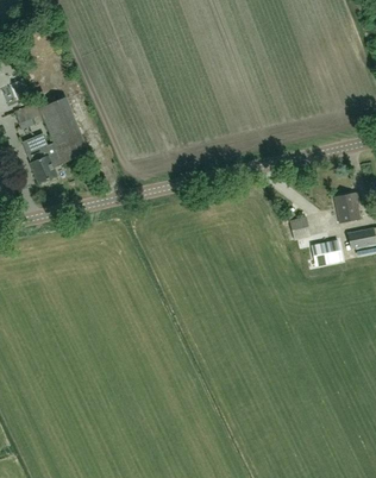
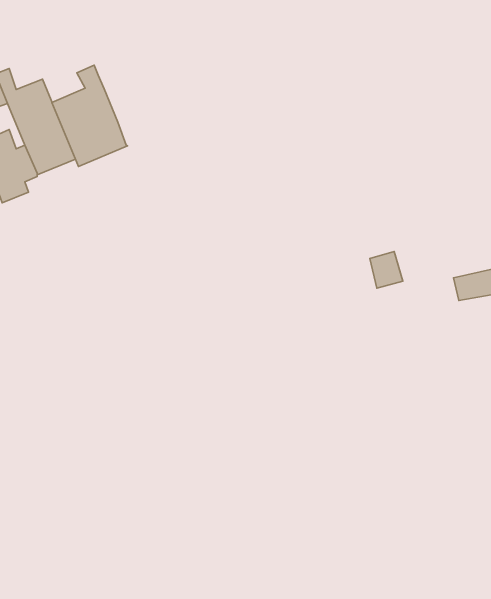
building: none -> [52,65,128,166]
building: [334,191,359,221] -> none

